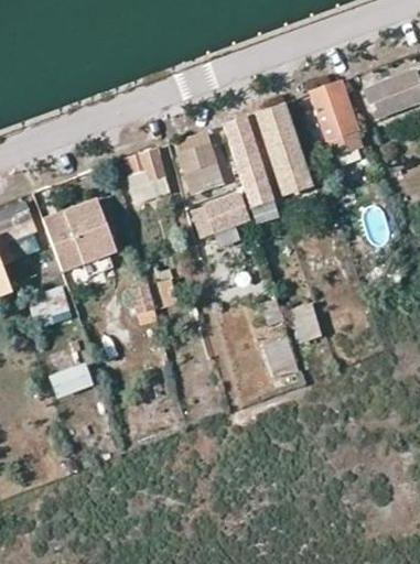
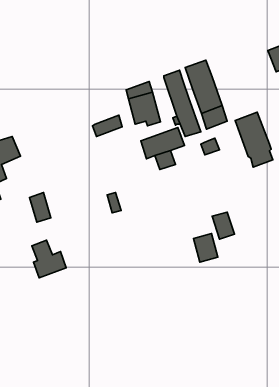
building: [311,82,362,155] -> [235,112,273,167]
building: [126,149,165,188] -> none
building: [45,200,118,278] -> none

